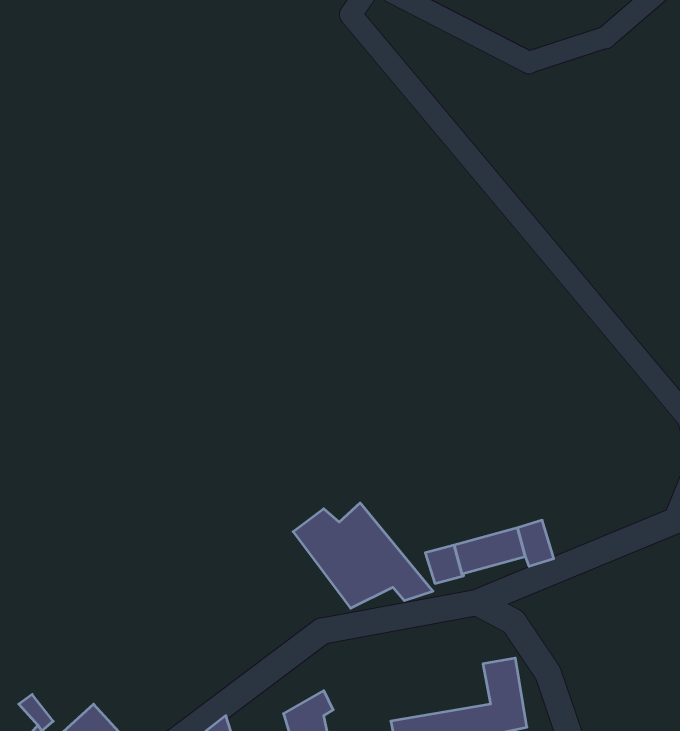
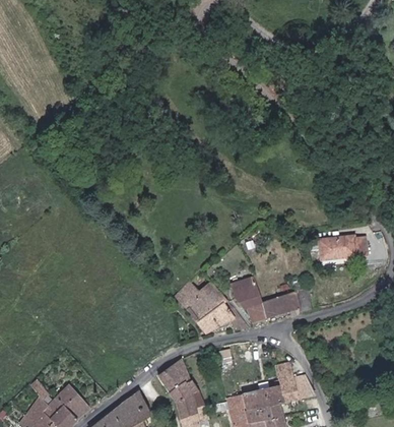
building: none -> [320,236,366,258]
building: none -> [228,278,260,307]
building: none -> [158,361,191,391]

